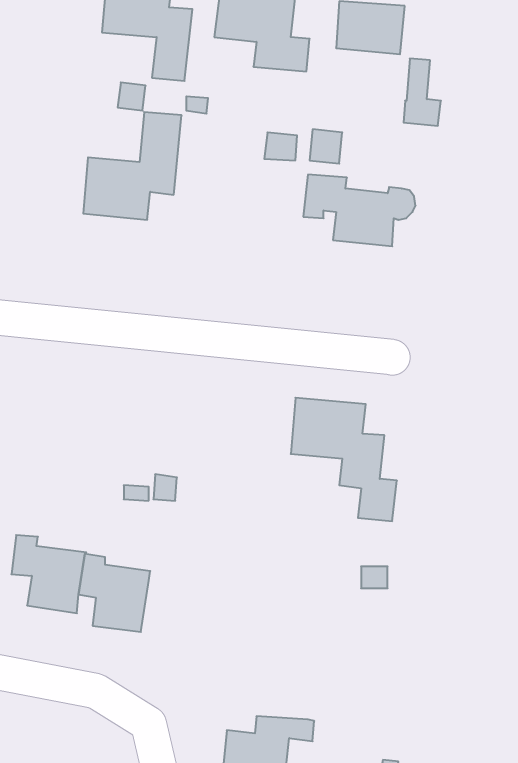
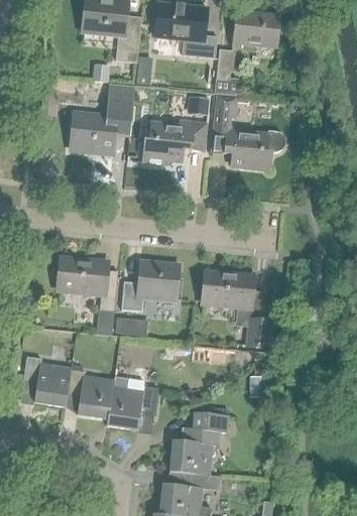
building: [404,59,441,126] -> [215,51,239,95]
building: none -> [141,121,206,165]
building: none -> [60,254,118,311]
building: none -> [120,261,178,311]
building: none -> [107,376,157,430]
building: none -> [170,412,228,476]

